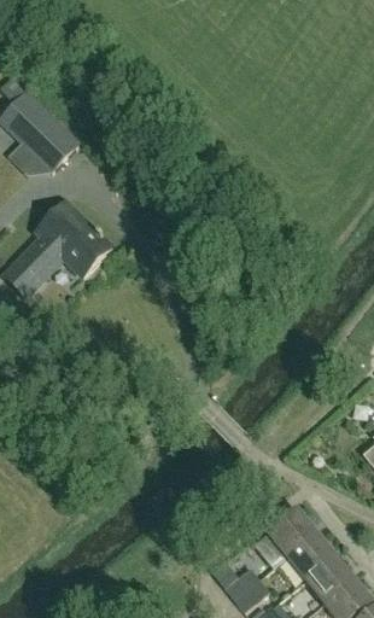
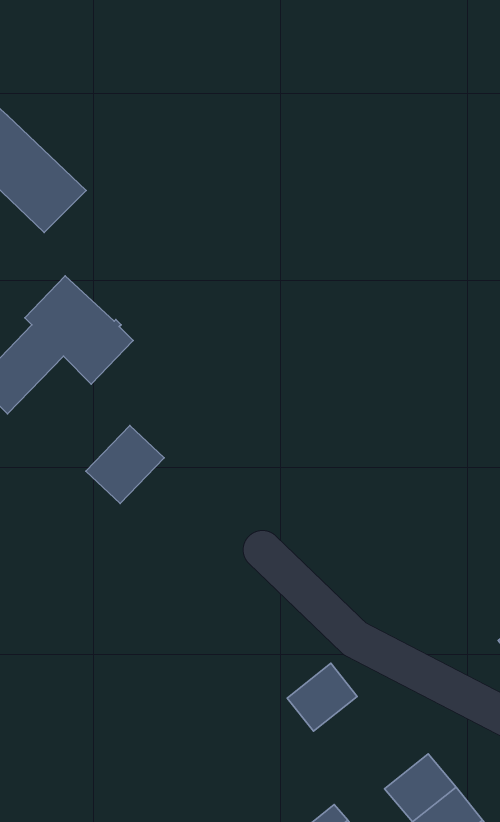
building: none -> [86,425,164,504]
building: [268,509,316,556] -> [287,663,357,731]

